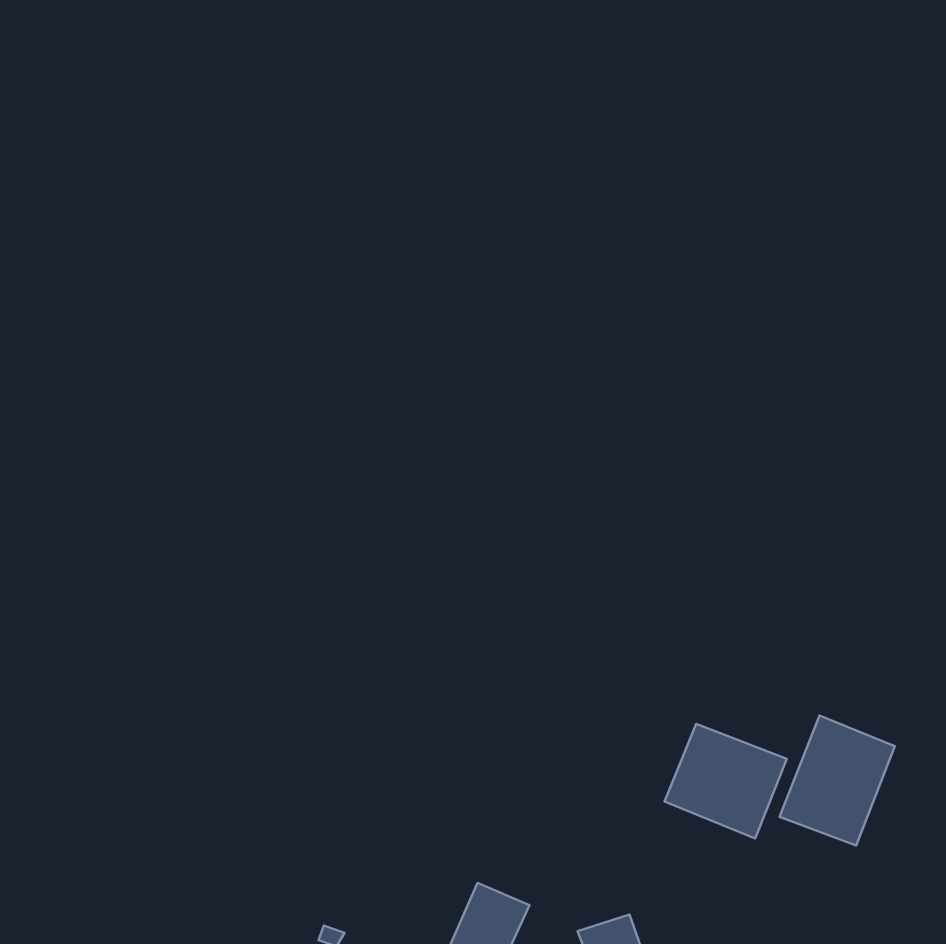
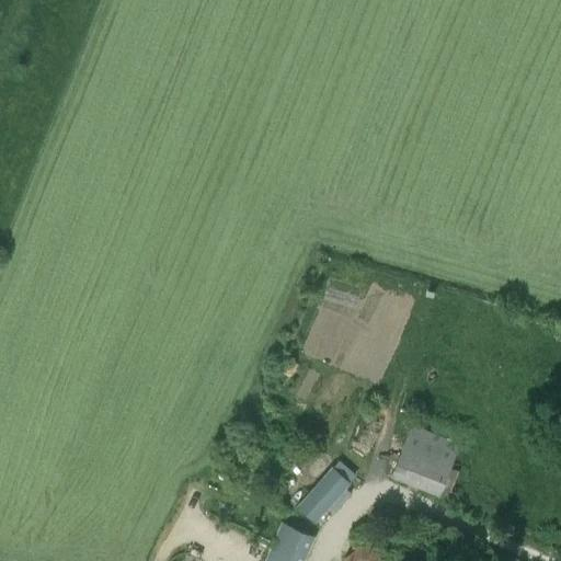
building: [779,716,895,846] -> none
building: none -> [296,468,351,524]

